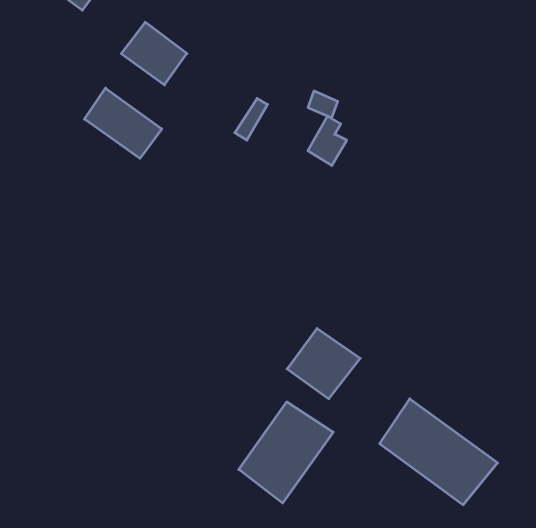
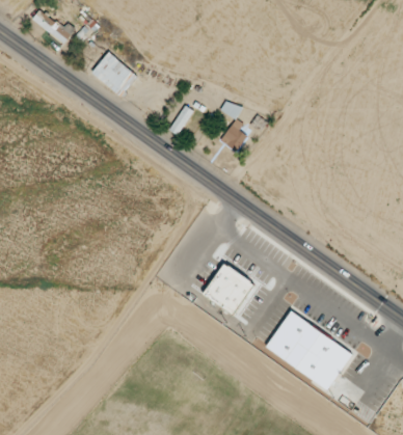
building: [84,88,162,158] -> none
building: [239,402,333,503] -> none

